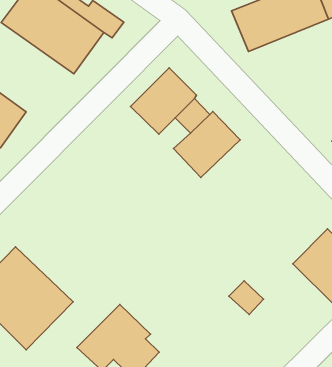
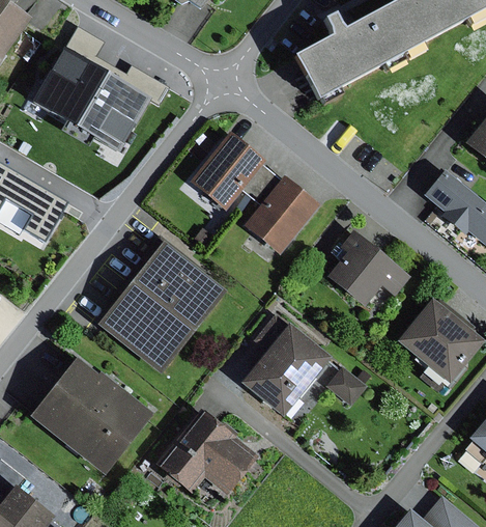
building: none -> [96,242,224,375]
building: none -> [328,231,409,306]
building: none -> [241,311,334,417]

